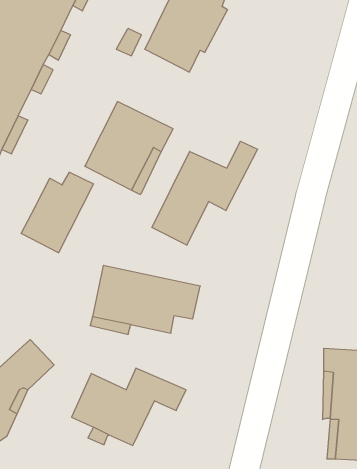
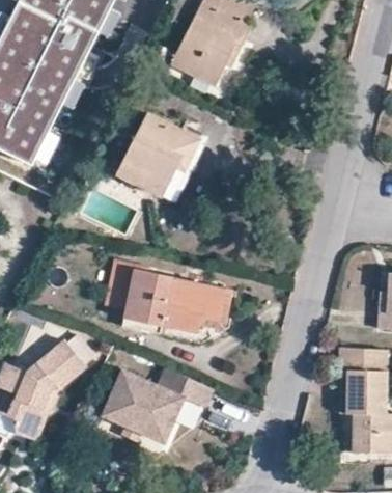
building: [152,141,258,245] -> none
building: [21,172,94,253] -> none

